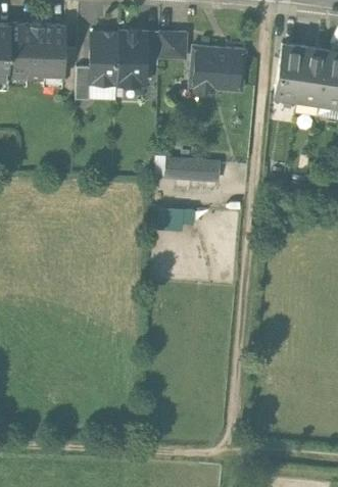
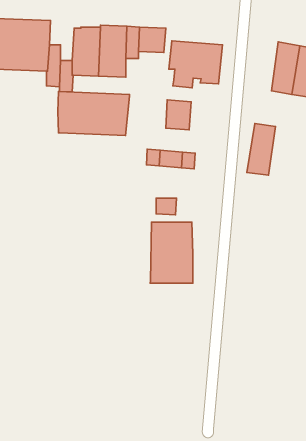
building: [275,46,304,100] -> [247,124,275,175]
building: none -> [58,92,130,135]
building: none -> [166,100,191,130]
building: none -> [150,222,193,283]

